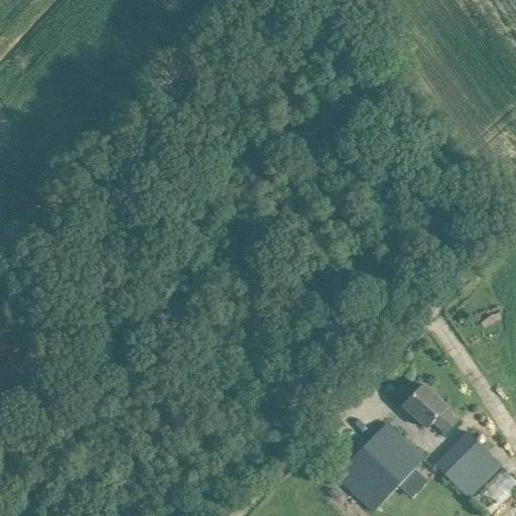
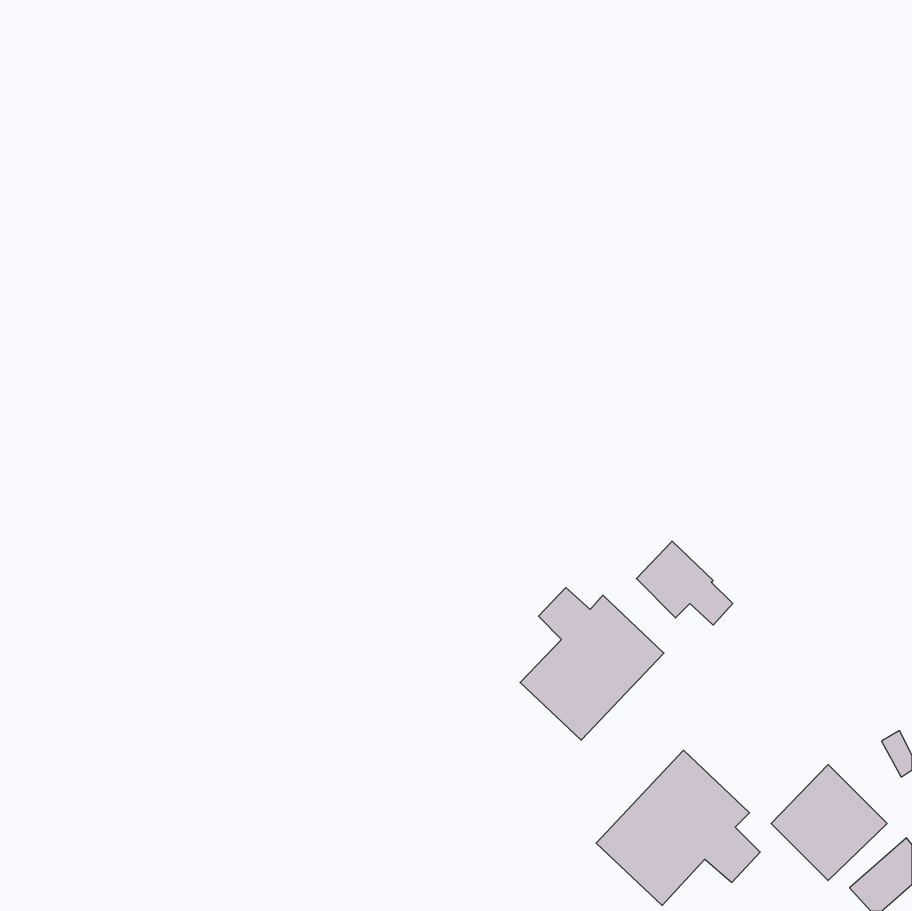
building: none -> [520,588,664,740]
building: [403,384,458,431] -> [636,541,733,625]

